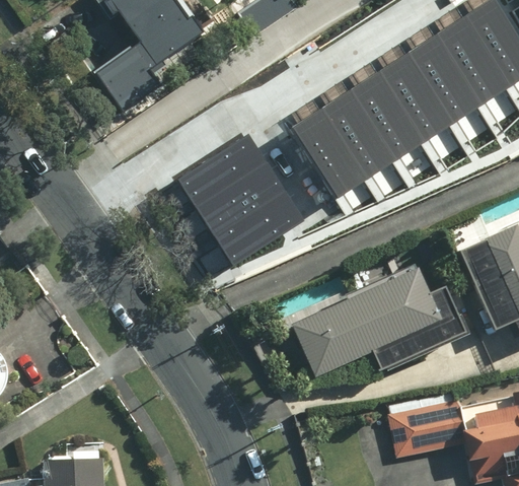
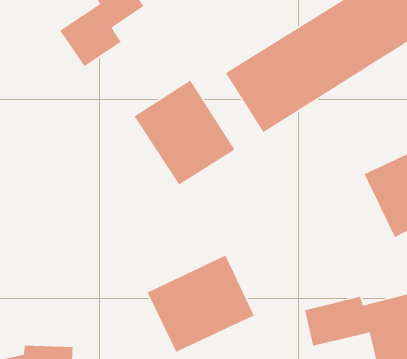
building: [290,265,464,377] -> none
building: none -> [146,254,255,353]

